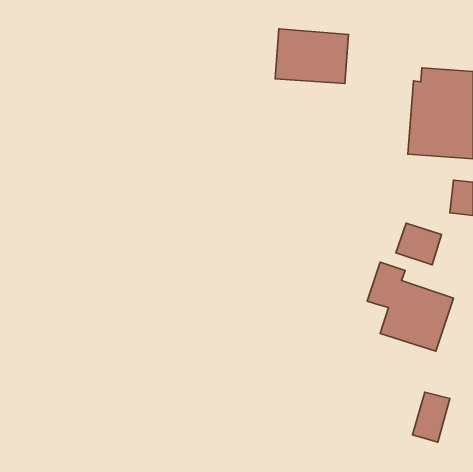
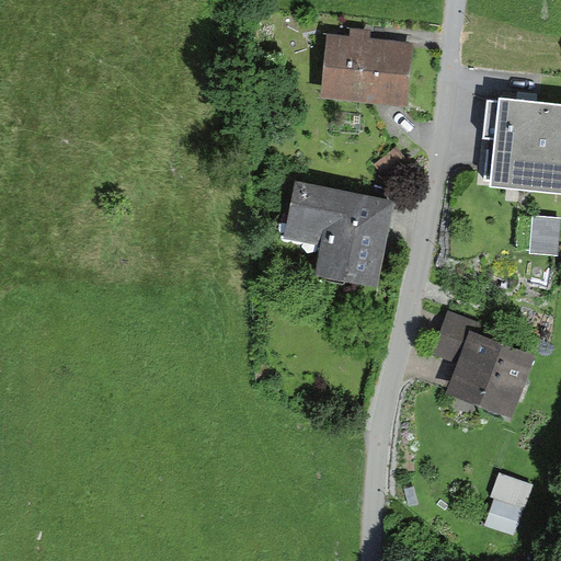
building: none -> [284,185,391,285]
building: [396,223,442,265] -> none

